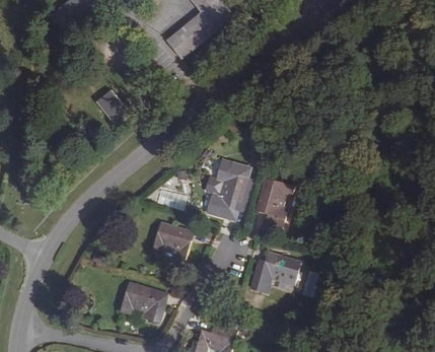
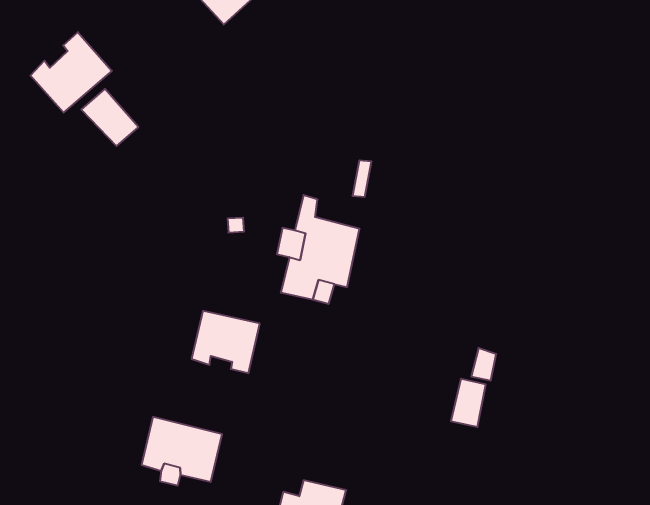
building: none -> [30,32,112,113]
building: [256,177,293,229] -> none
building: [251,252,300,294] -> none

